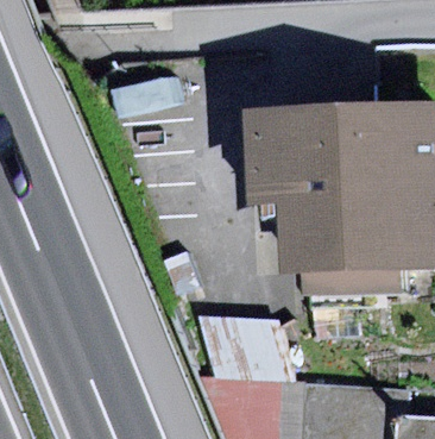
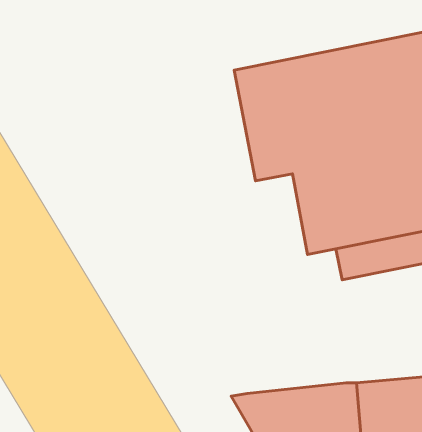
building: [200,313,298,380] -> none

